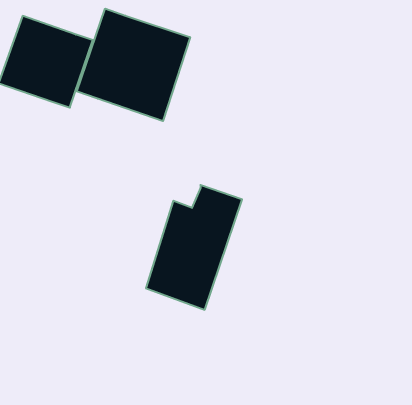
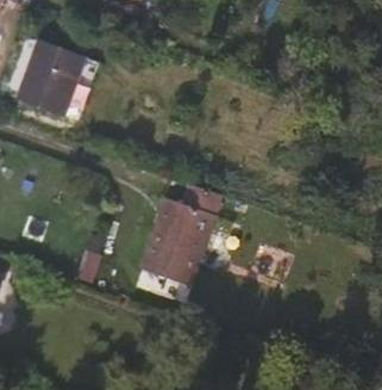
building: [77,9,190,121] -> none

